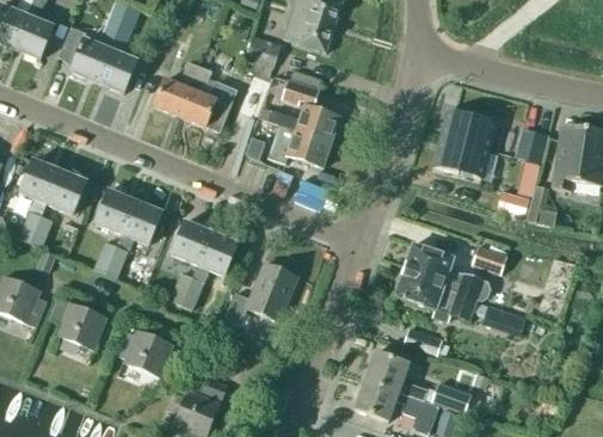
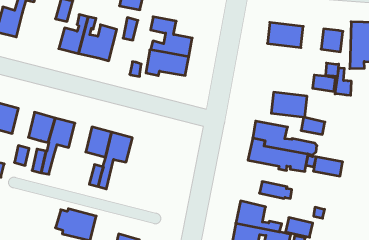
building: [97,49,137,92] -> none
building: [435,137,487,178] -> [271,92,307,117]
building: [224,263,297,322] -> none
building: [49,296,107,350] -> none

